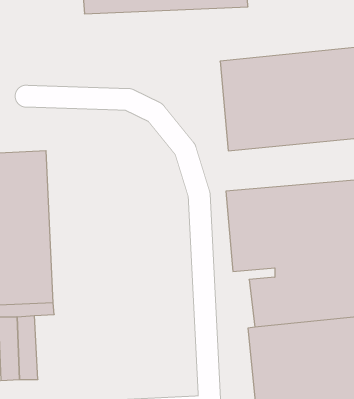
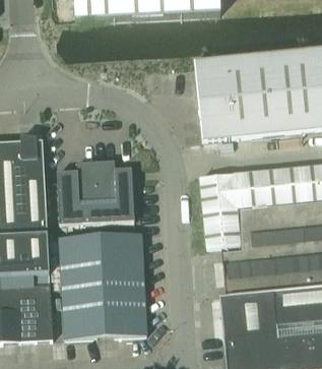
building: none -> [56,159,133,225]
building: none -> [59,232,146,337]
building: none -> [31,283,52,340]

